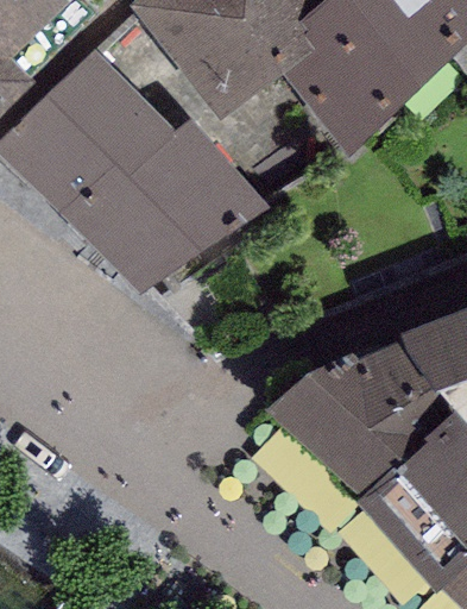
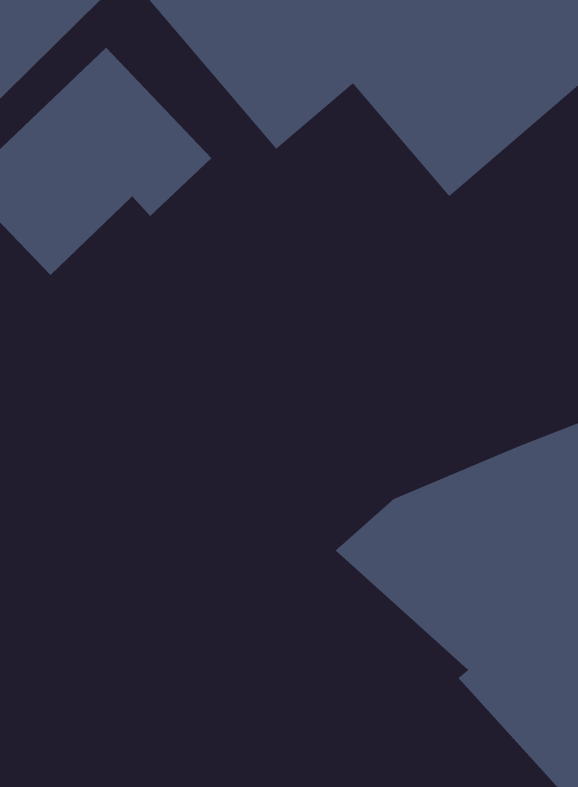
building: [58,113,269,284] -> none

